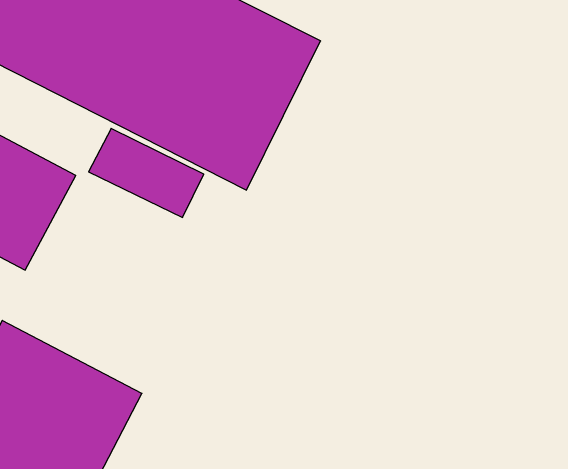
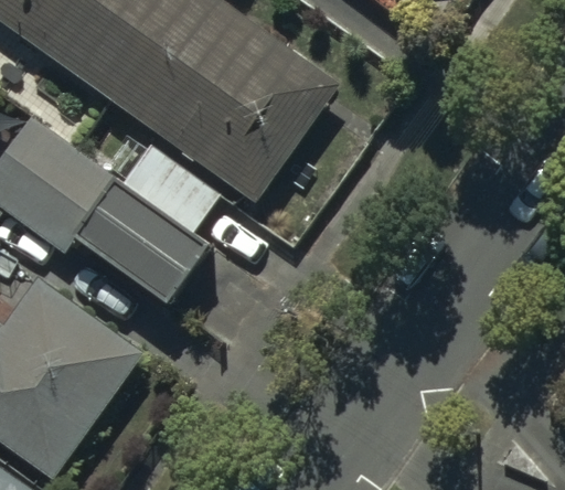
building: none -> [79,169,209,289]

